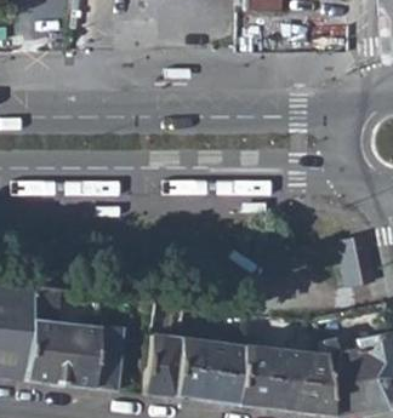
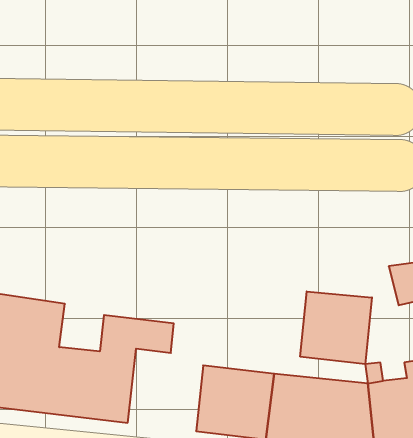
building: none -> [300,291,372,364]
building: [148,337,182,397] -> none

